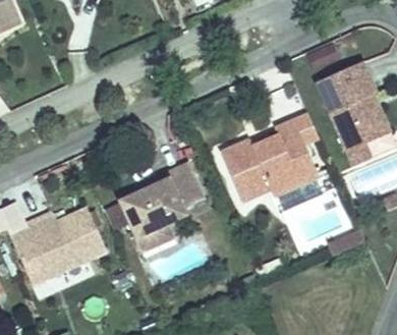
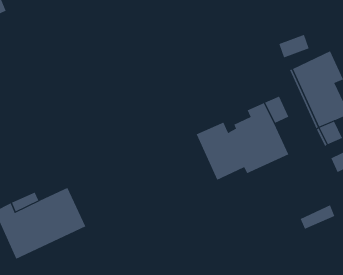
building: [118,161,201,236] -> none

